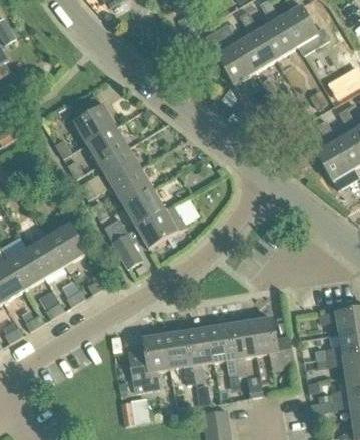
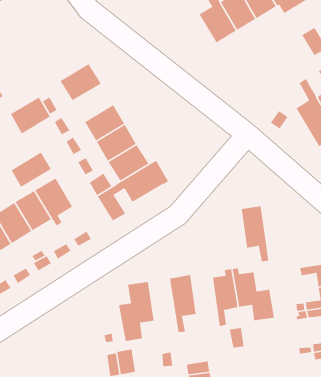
building: [85,125,127,164] -> [10,96,51,135]
building: none -> [10,152,52,188]
building: [207,318,236,376] -> [241,205,269,262]
building: [163,325,194,383] -> none

